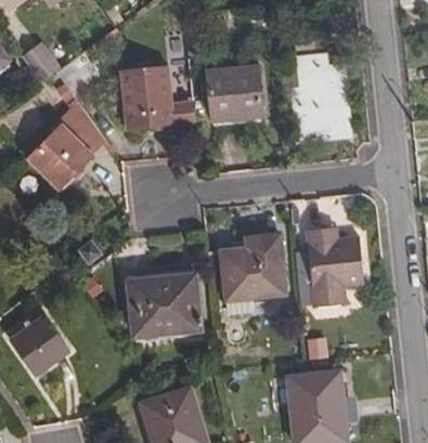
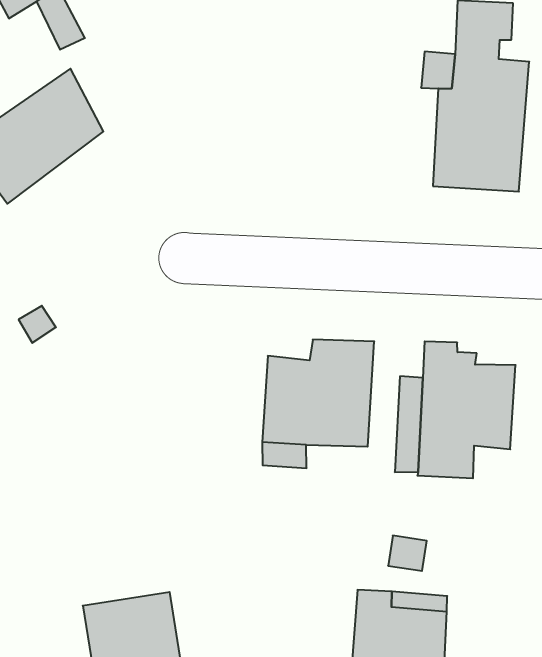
building: [122,62,194,125] -> none
building: [208,63,262,115] -> none
building: [125,266,198,330] -> none

